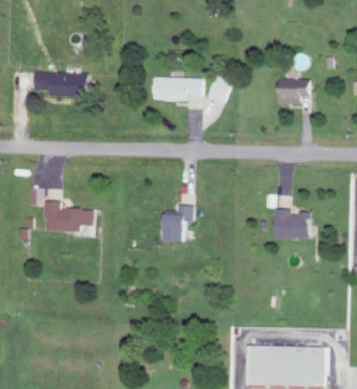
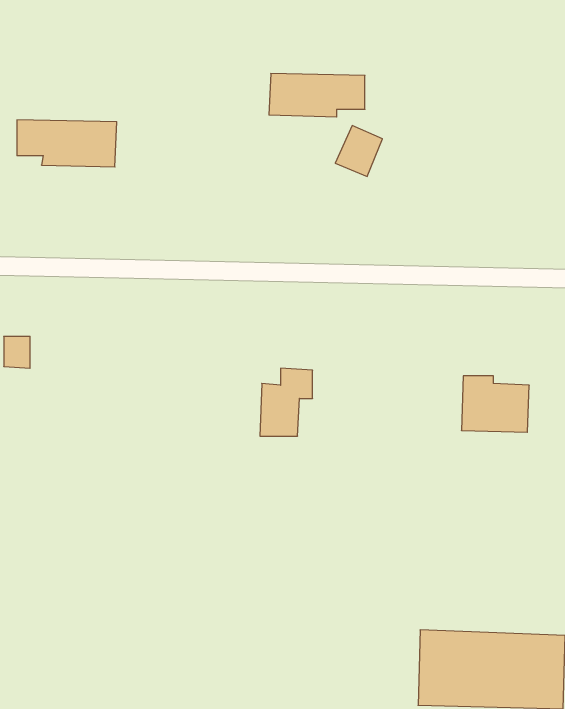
building: [151,77,202,101] -> [269,74,365,117]
building: [277,79,310,104] -> none
building: [44,201,92,232] -> none

